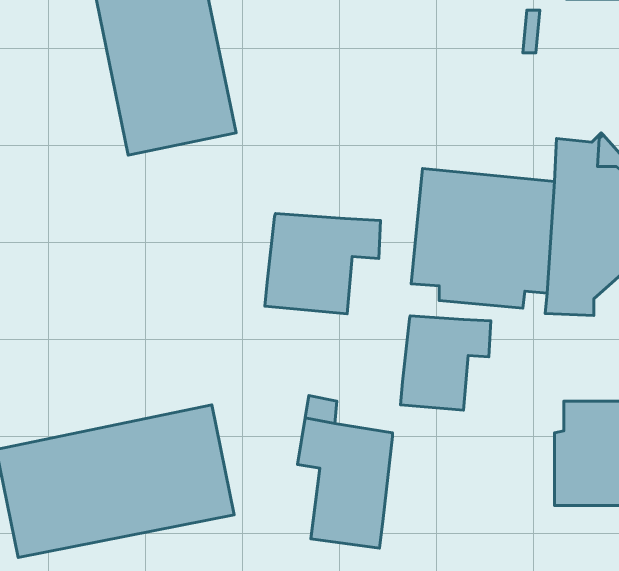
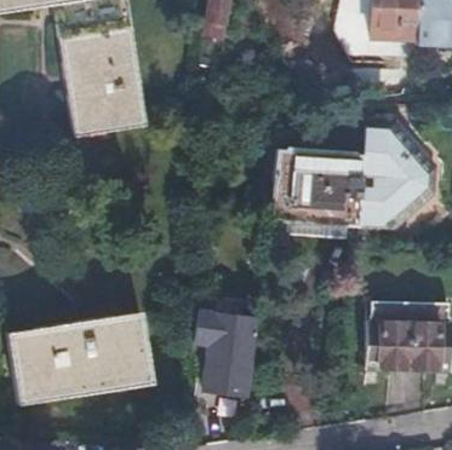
building: [265,214,381,314] -> none
building: [400,316,491,410] -> none

